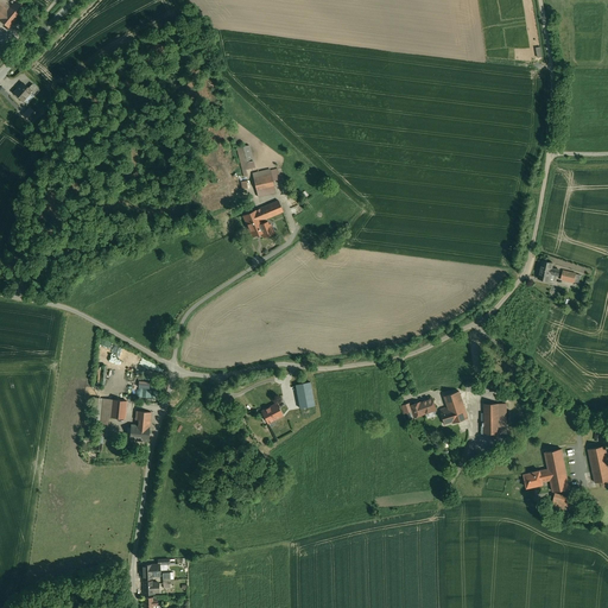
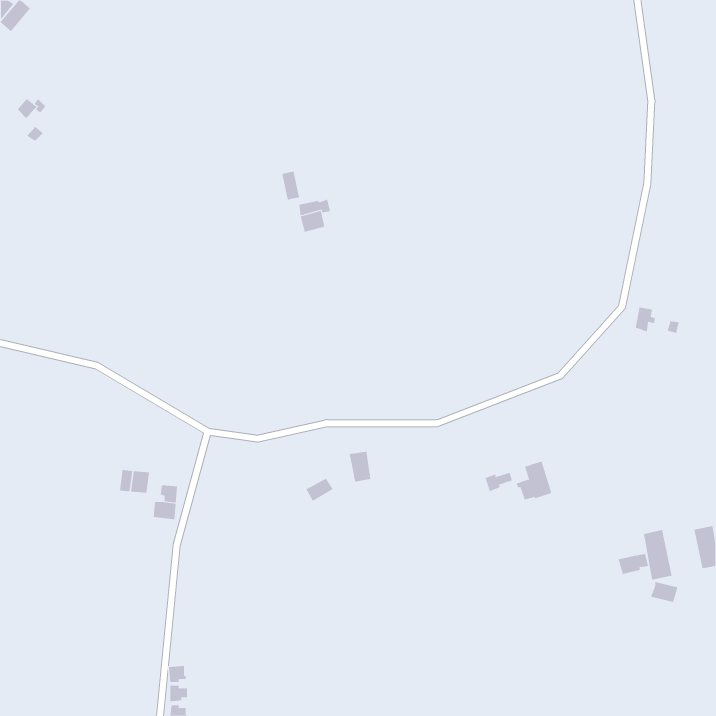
building: [242,201,283,238] -> none
building: [484,404,504,433] -> none

